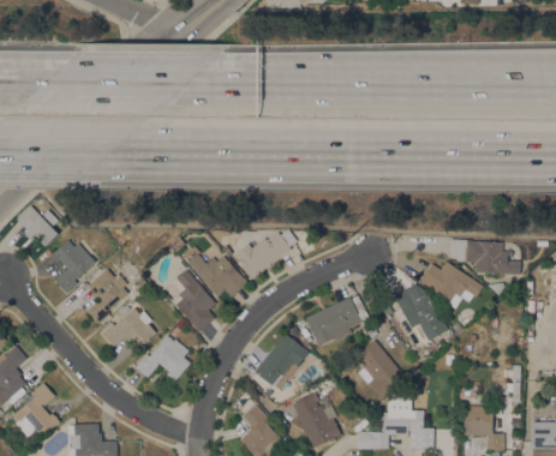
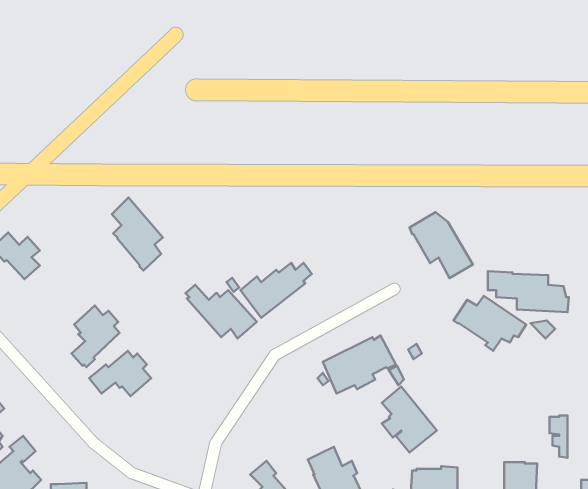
building: [49,240,95,293] -> none
building: [171,269,215,332] -> [112,198,163,270]
building: [393,283,448,341] -> [409,212,473,278]
building: [253,334,307,389] -> none
building: [134,335,190,382] -> none

